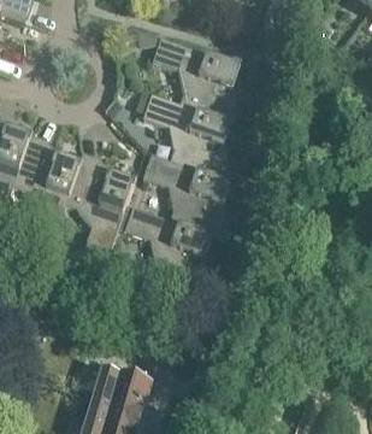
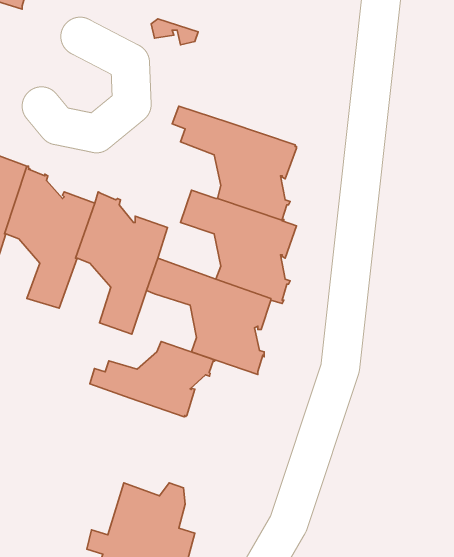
building: [150,33,238,116] -> none
building: none -> [90,342,215,417]

